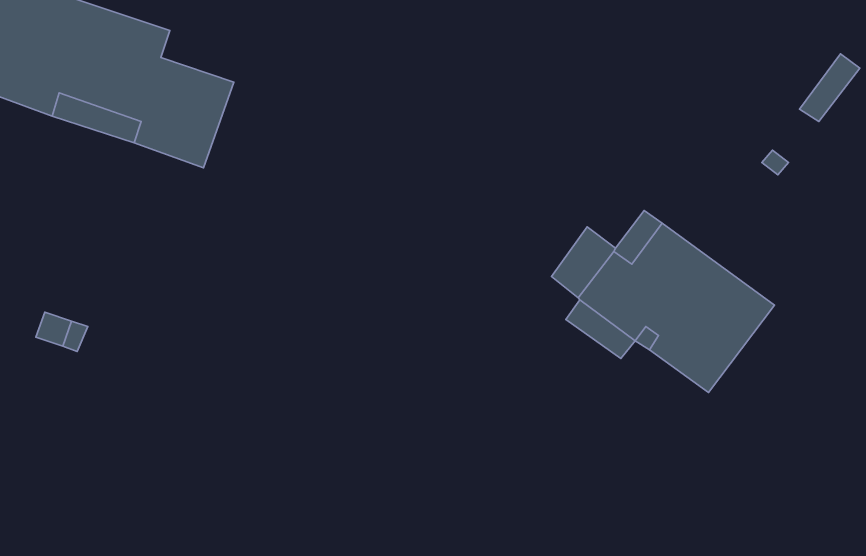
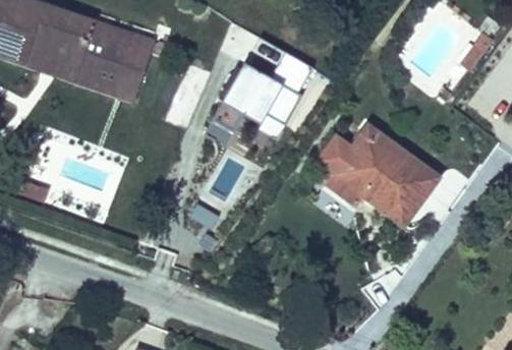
building: none -> [93,20,157,105]
building: none -> [204,52,312,145]

